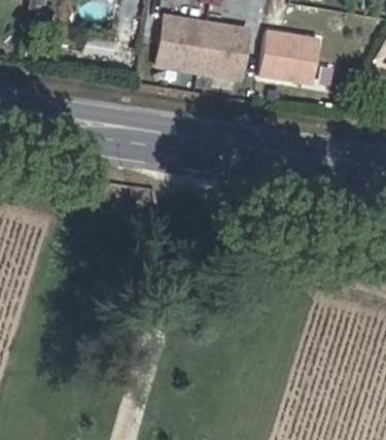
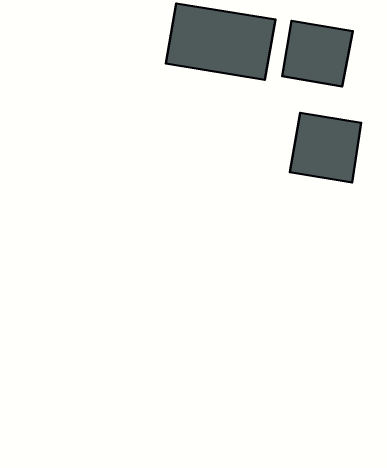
building: none -> [290,113,361,183]

